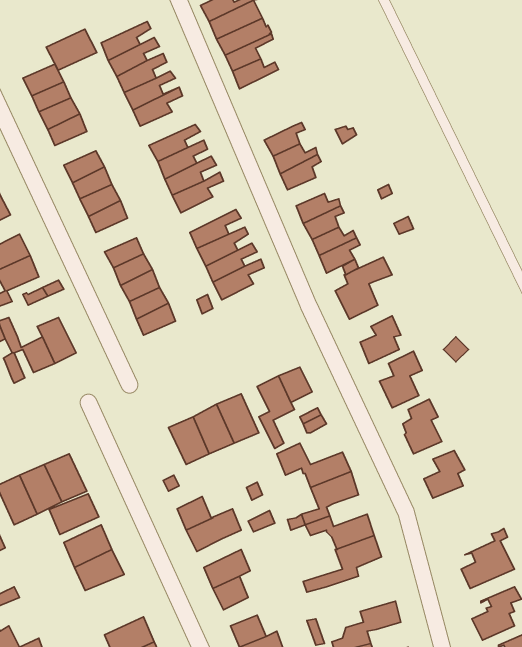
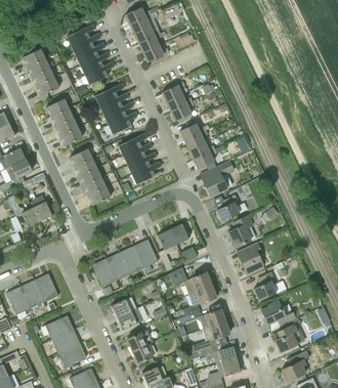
building: [46,29,97,70] -> none
building: none -> [91,258,116,287]
building: [49,494,99,534] -> [57,343,86,367]
building: none -> [260,299,296,326]
building: none -> [197,344,237,364]

